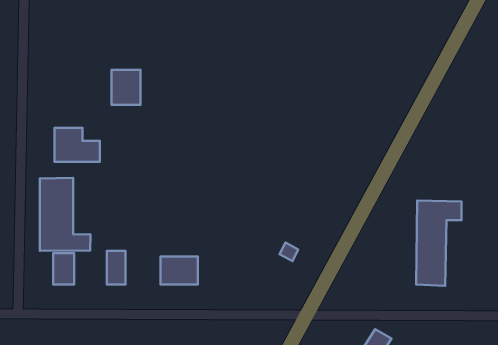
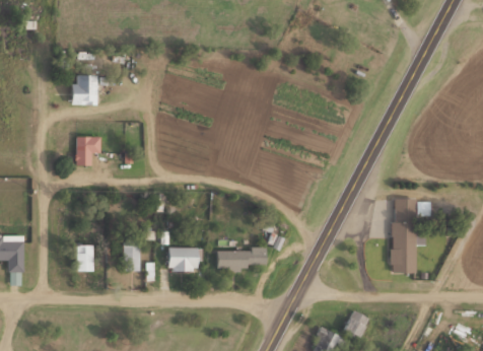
building: [111,70,141,105] -> [71,75,96,106]
building: [40,178,91,251] -> none
building: none -> [216,250,266,268]

